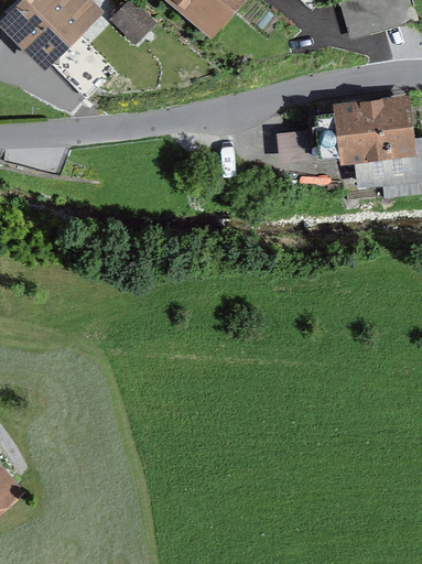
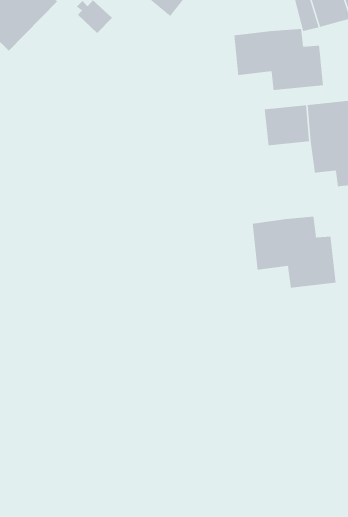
building: none -> [234,28,323,91]
building: none -> [252,216,336,289]

